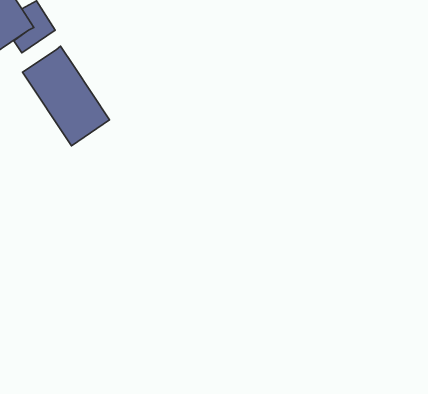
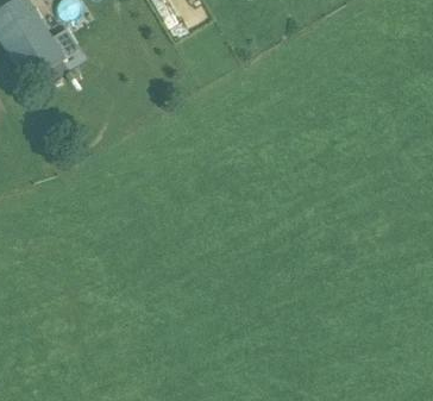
building: [22,46,109,146] -> none

